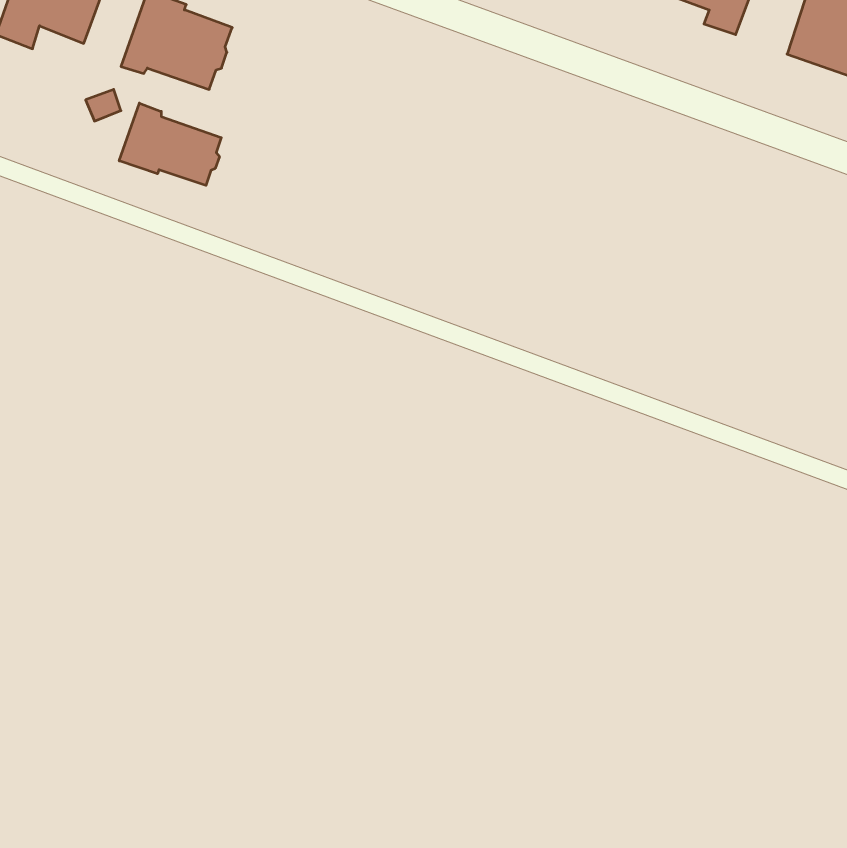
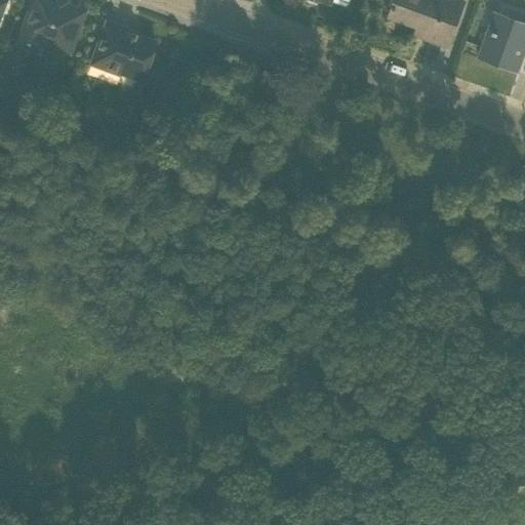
building: [119,103,221,185] -> none

